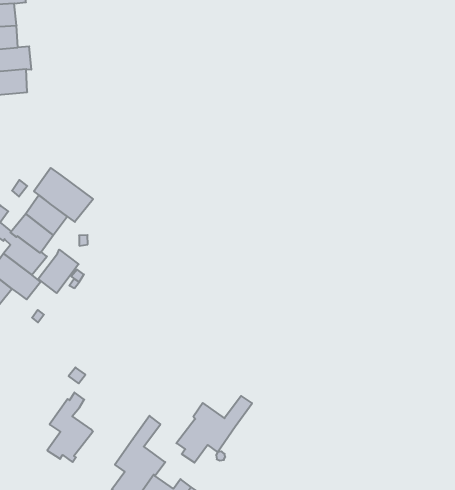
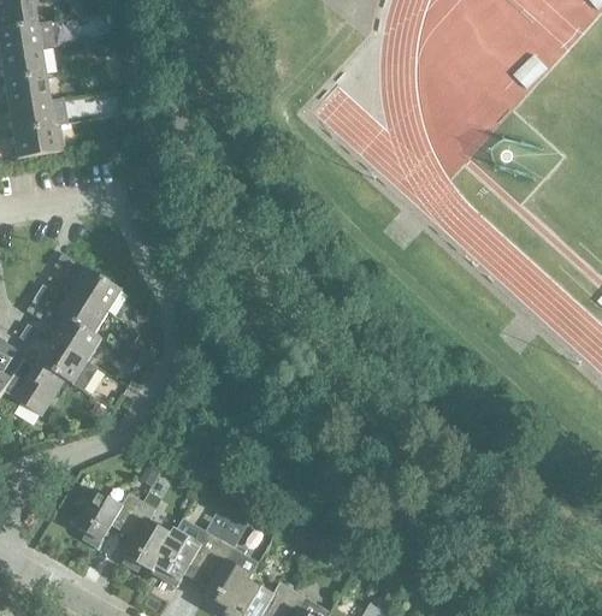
building: [34,168,93,222] -> none
building: [38,250,79,293] -> none
building: none -> [75,490,141,547]
building: [176,396,252,463] -> [154,504,237,586]

